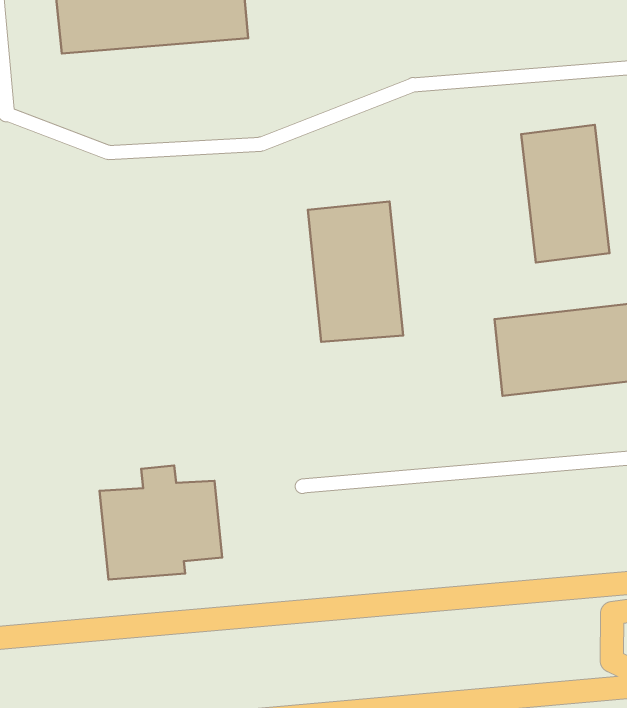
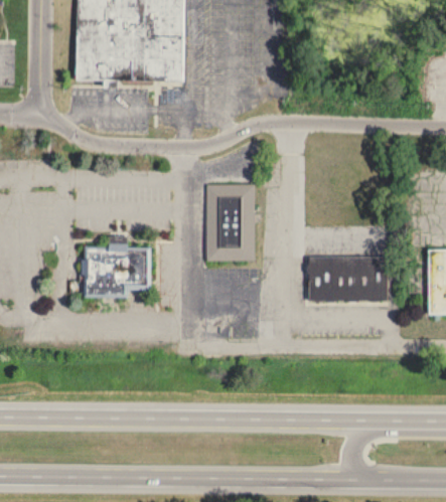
building: [521,125,609,263] -> none
building: [99,466,222,579] -> [84,236,150,299]

